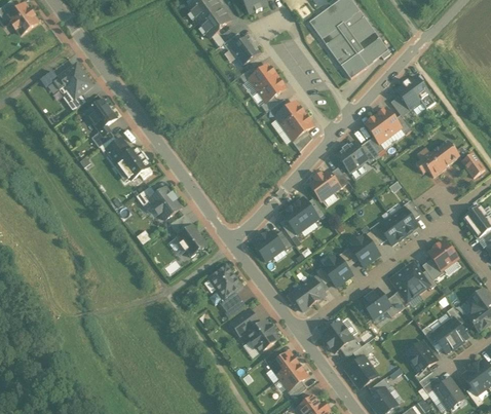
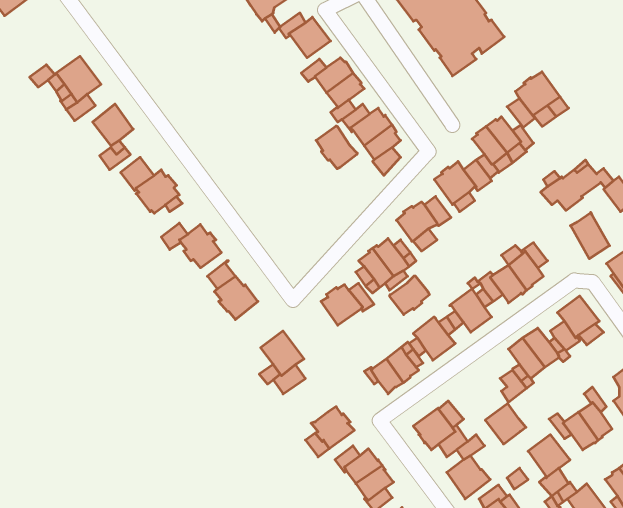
building: none -> [316,126,357,169]
building: none -> [570,212,610,259]
building: none -> [390,276,429,315]
building: [361,289,390,318] -> [485,403,526,444]
building: [231,309,259,335] -> none

